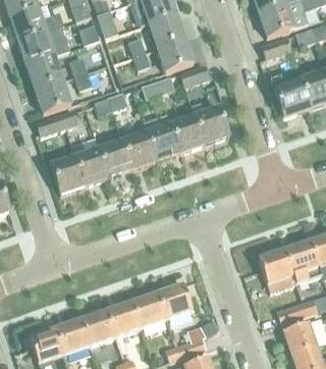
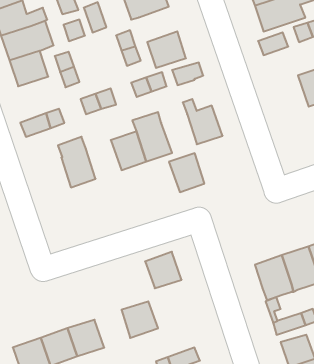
building: [149,13,185,47] -> none
building: [273,78,310,117] -> none
building: [35,80,71,113] -> none
building: [170,115,204,152] -> [169,153,204,192]
building: [99,140,132,176] -> none
building: [51,156,85,193] -> none
building: [158,283,193,318] -> [145,252,182,288]
building: [107,301,141,336] -> none

